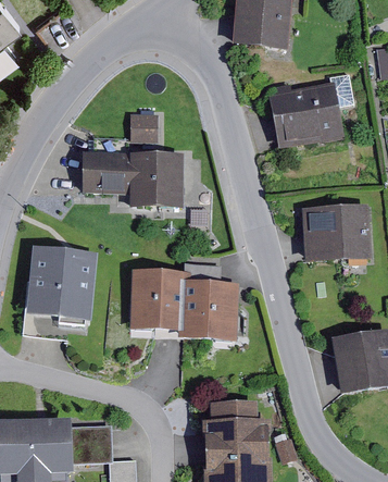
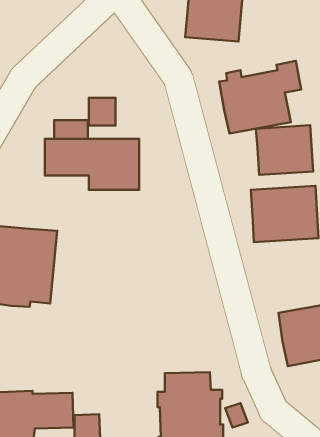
building: none -> [256,125,313,175]
building: [129,261,239,343] -> none

